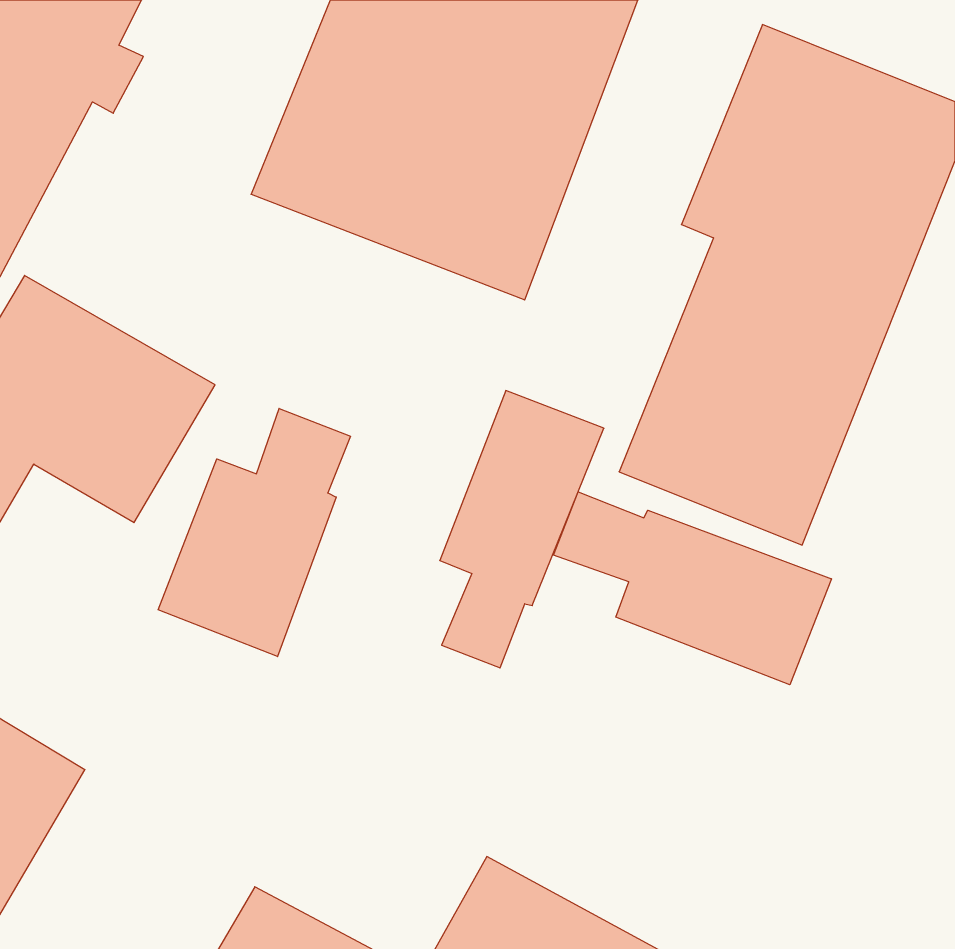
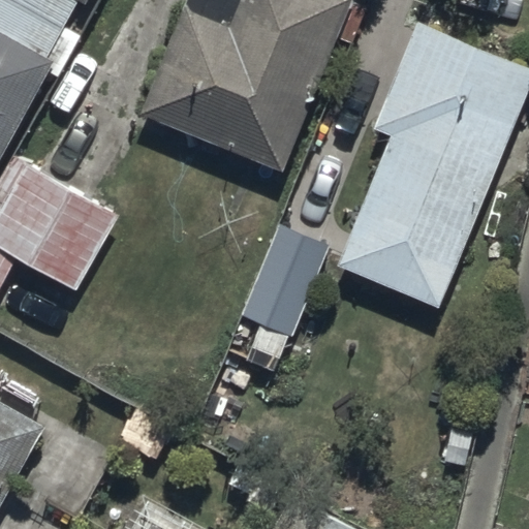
building: [158,408,350,657] -> none
building: [554,492,831,685] -> none

